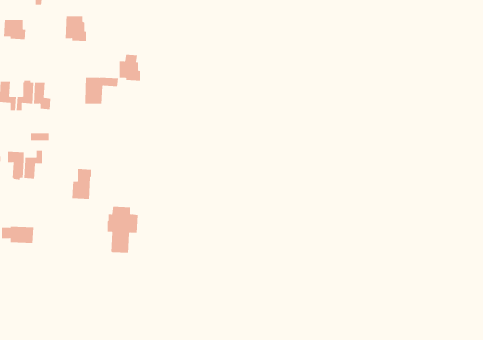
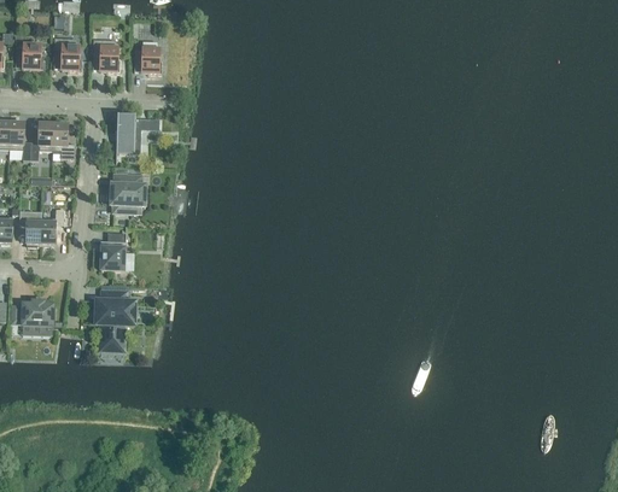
building: none -> [53,37,82,71]
building: [119,54,141,81] -> [134,40,162,74]
building: none -> [111,174,145,211]
building: [107,206,139,253] -> [95,291,135,350]

